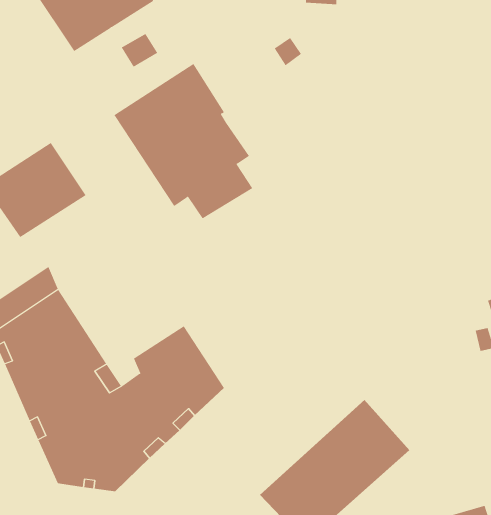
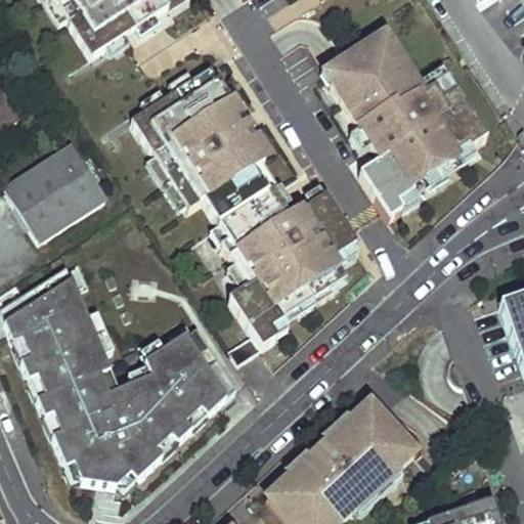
building: none -> [325,34,488,216]
building: none -> [217,185,356,359]

